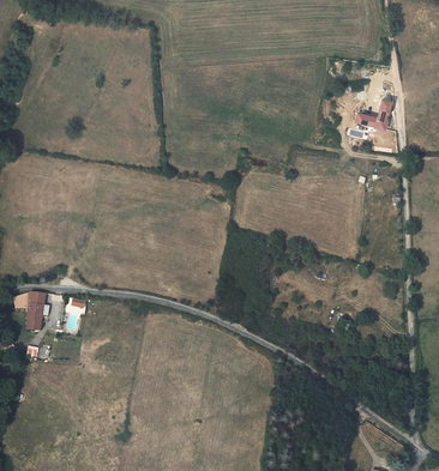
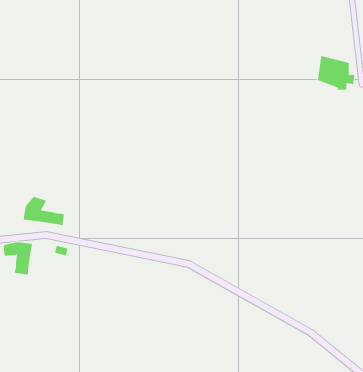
building: none -> [23,196,64,226]

